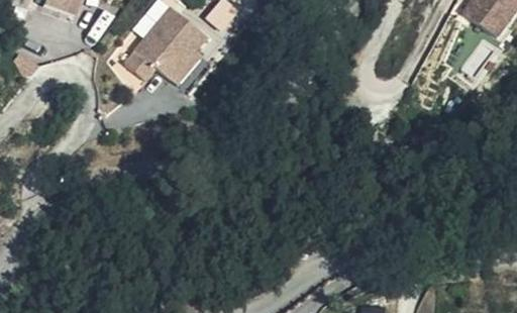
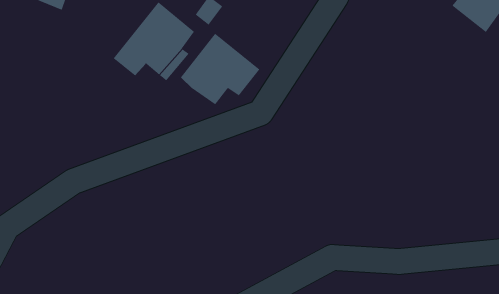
building: none -> [180,33,260,105]

